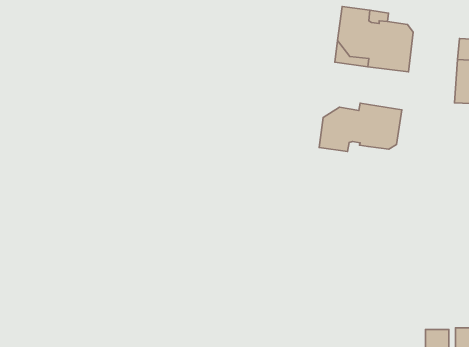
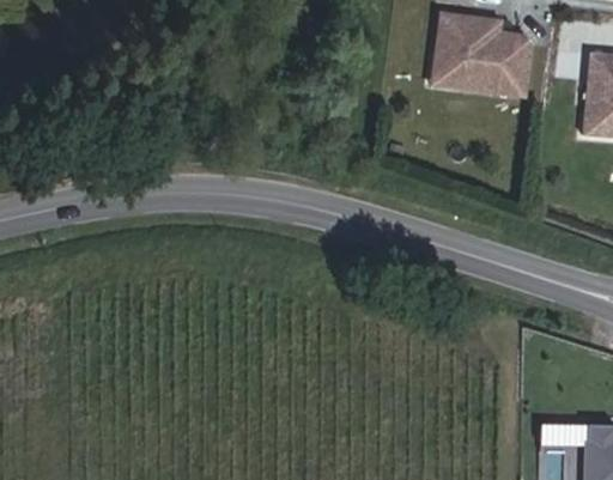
building: [319,103,402,151] -> none

